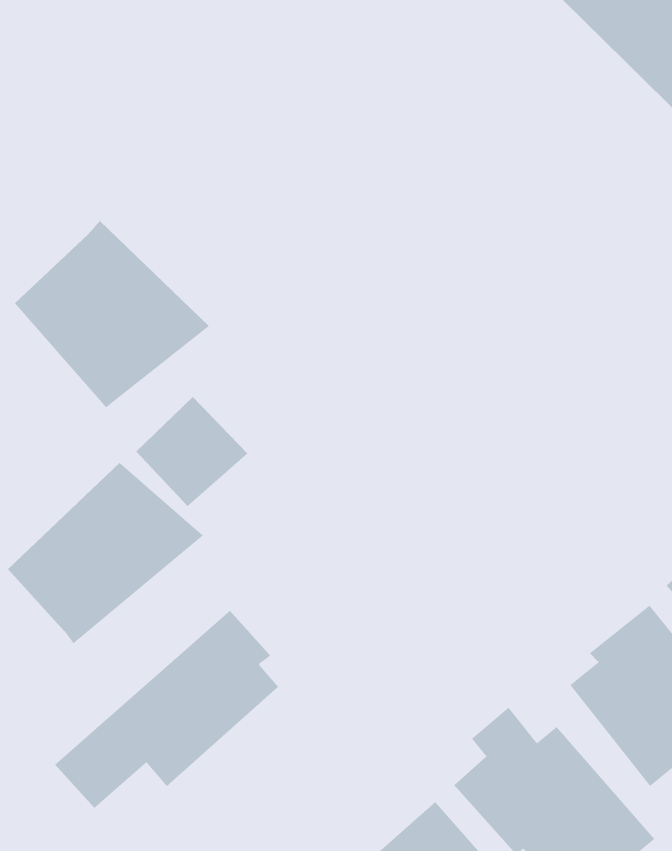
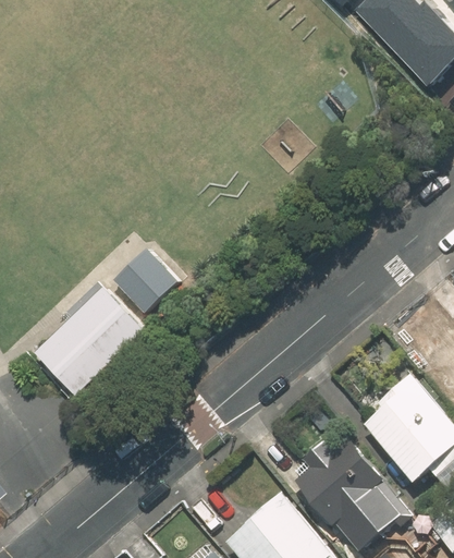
building: [14,220,210,408] -> none
building: [54,610,279,809] -> none

